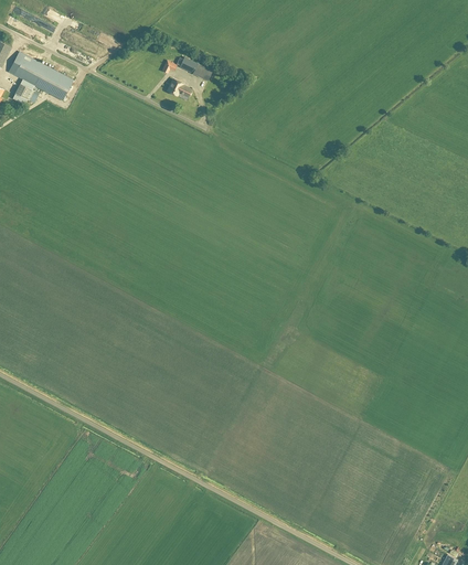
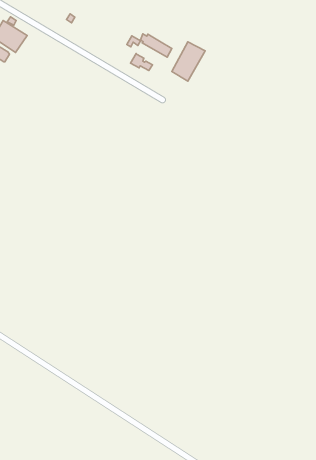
building: none -> [172,42,205,81]

